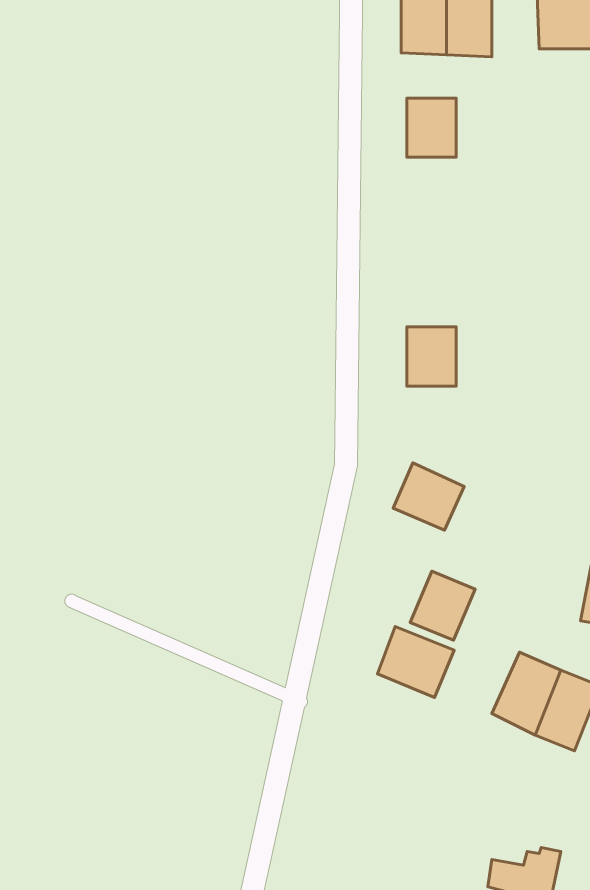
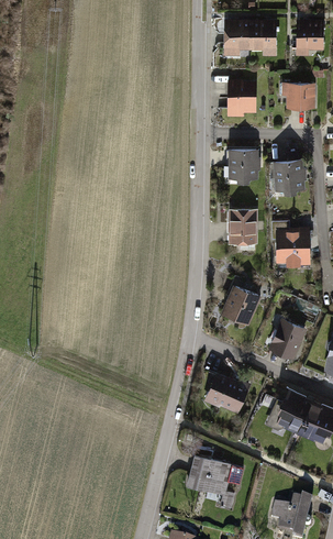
building: none -> [286,84,314,107]
building: none -> [227,150,255,178]
building: none -> [274,161,303,189]
building: none -> [276,231,306,265]
building: [410,571,475,640] -> [269,319,306,358]
building: none -> [188,458,244,512]

